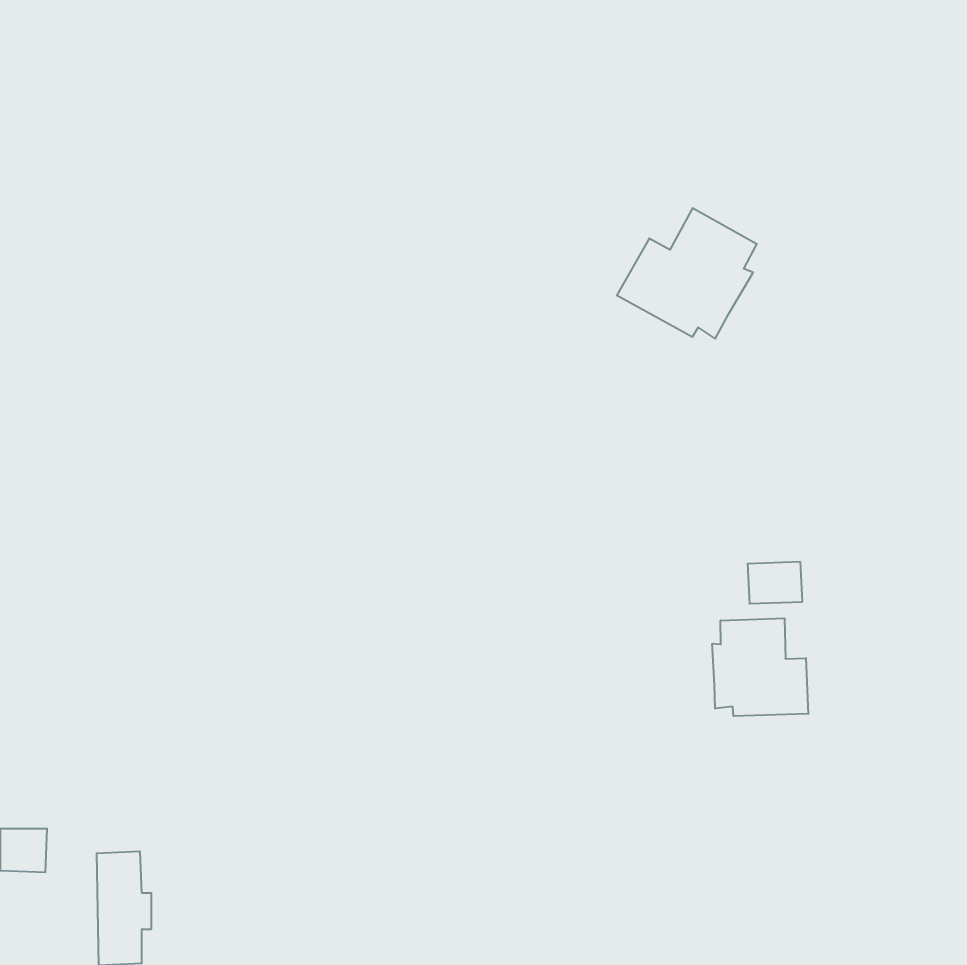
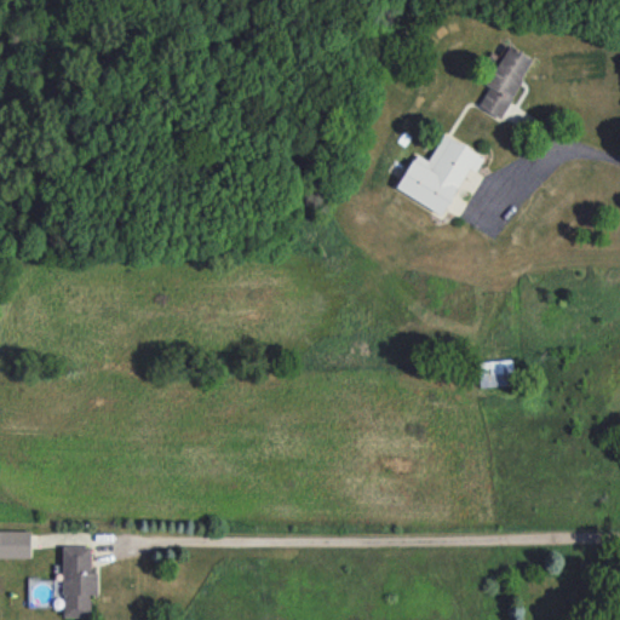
building: none -> [478,46,534,120]
building: [712,618,808,716] -> none

